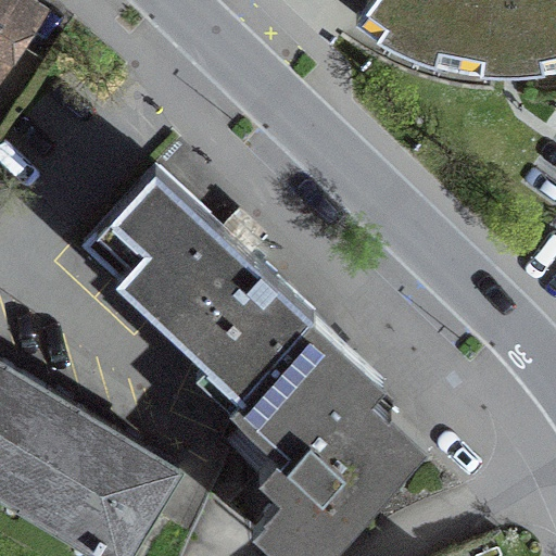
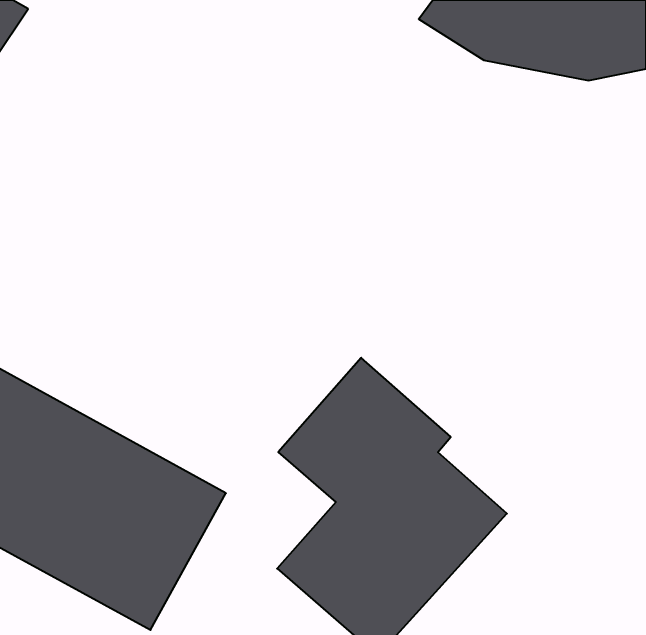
building: [76,177,307,400] -> none

